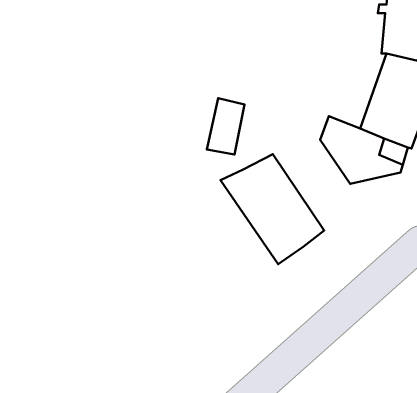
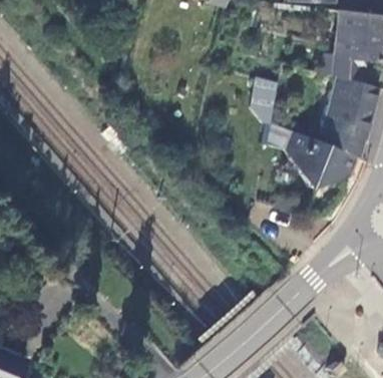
building: [207,98,244,155] -> [249,72,279,117]
building: [220,154,324,264] -> none

